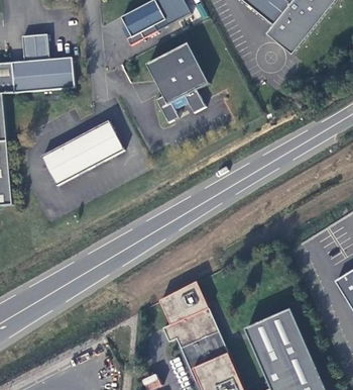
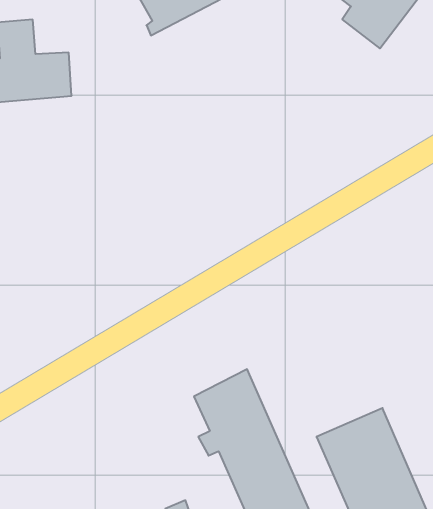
building: [146,42,209,122] -> none
building: [40,120,123,185] -> none

